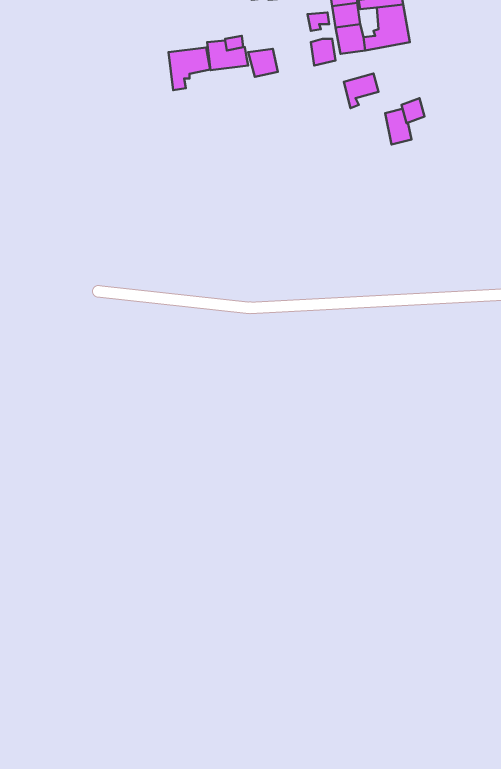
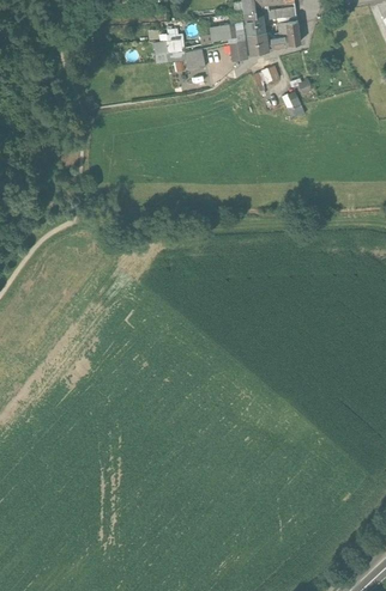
building: [169,47,210,90] -> none

